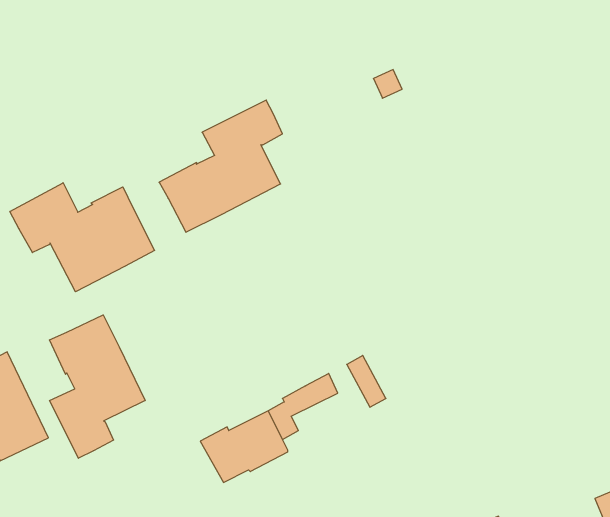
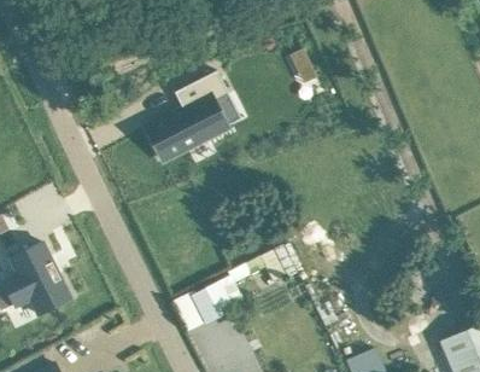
building: [10,183,155,292] -> none
building: [49,315,145,458] -> none

